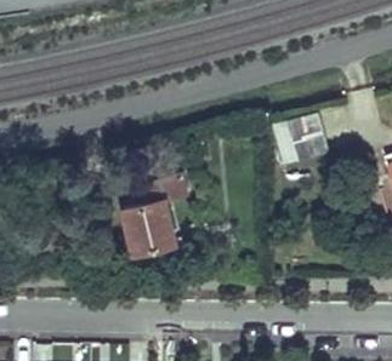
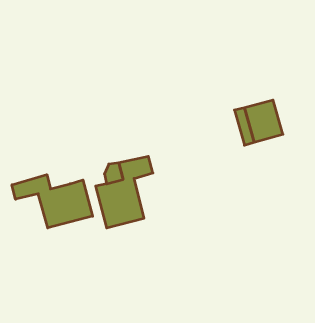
building: none -> [12,175,93,228]

